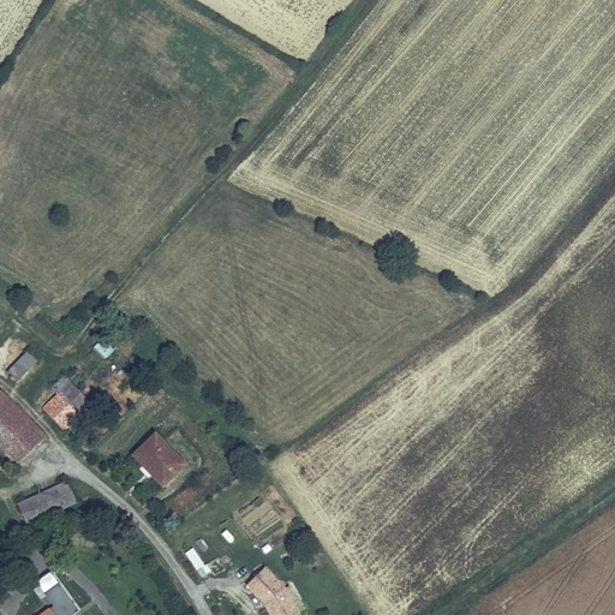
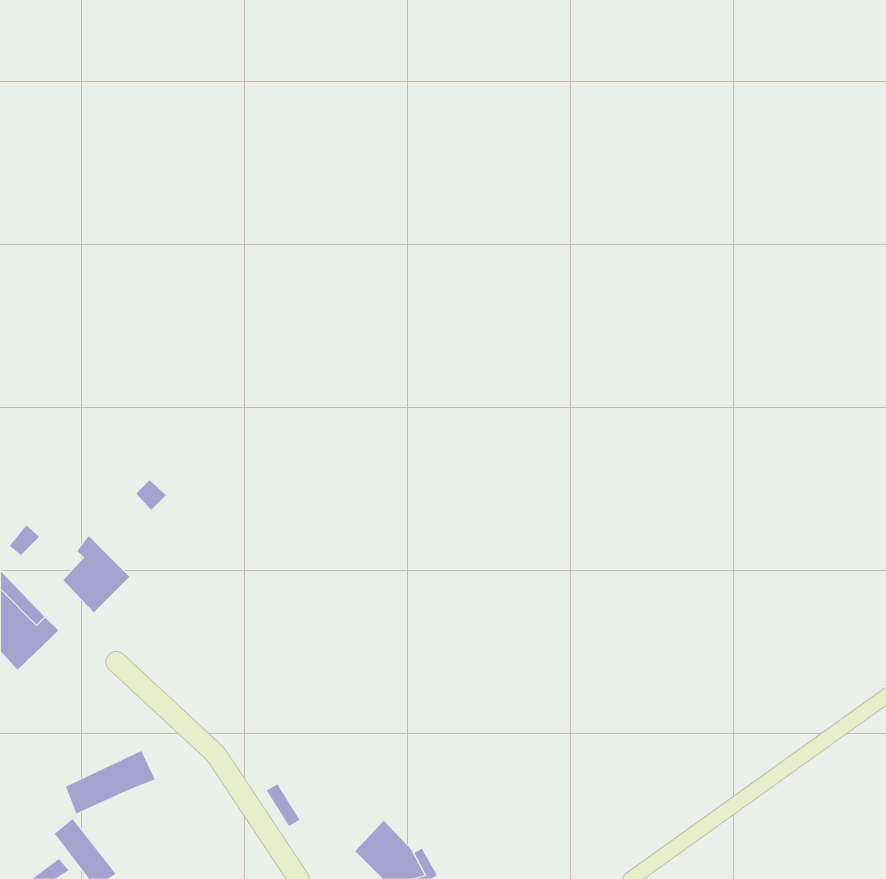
building: [127,432,181,485] -> none
building: [13,483,76,527] -> [65,750,156,814]

